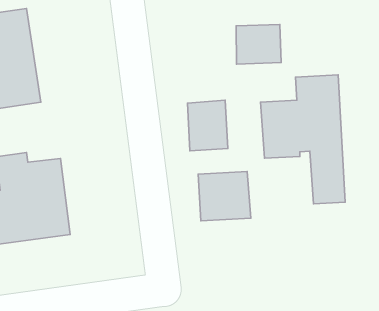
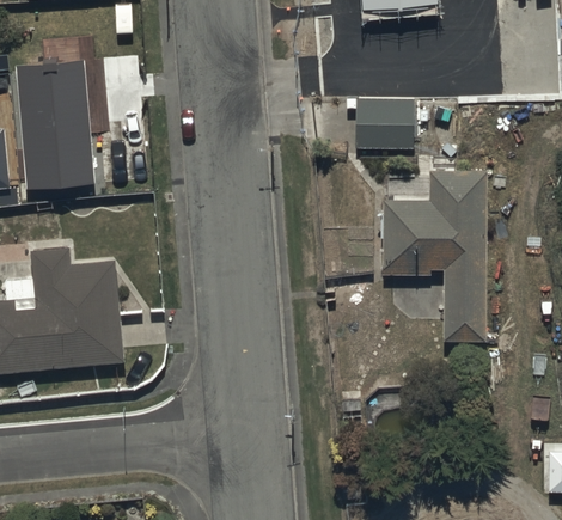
building: [187,100,228,151] -> none
building: [198,171,251,221] -> none

